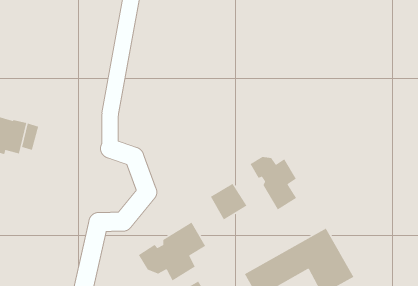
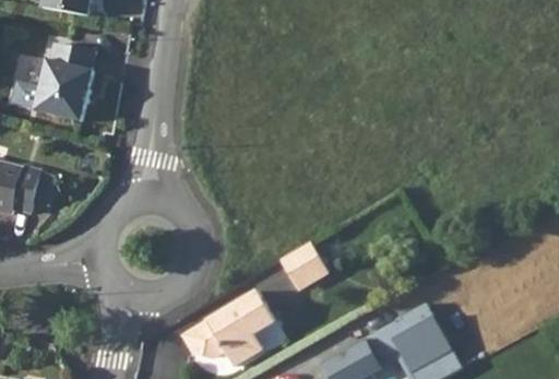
building: none -> [24,39,84,118]
building: [250,156,297,211] -> none

